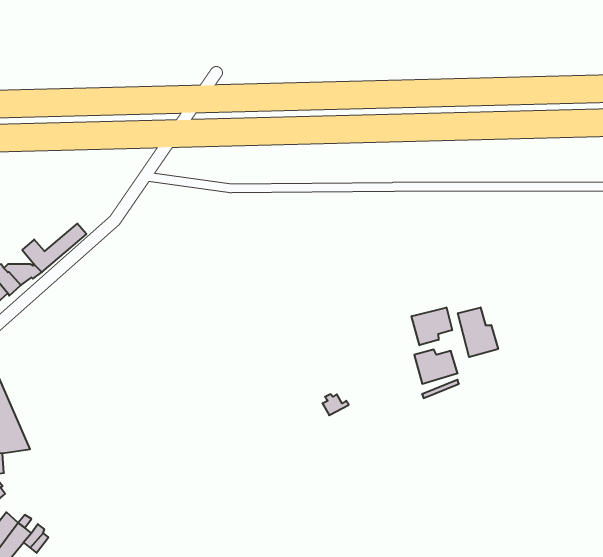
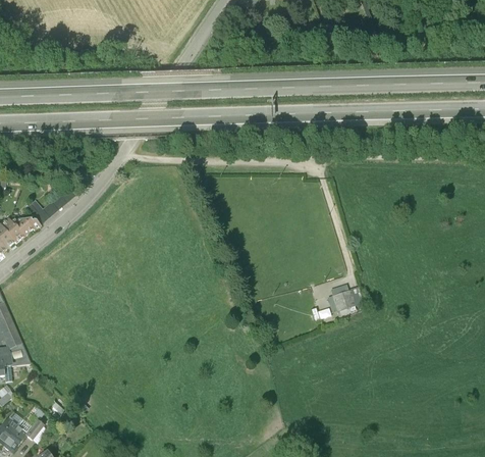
building: [458,307,498,357] -> none
building: [412,307,452,345] -> none

